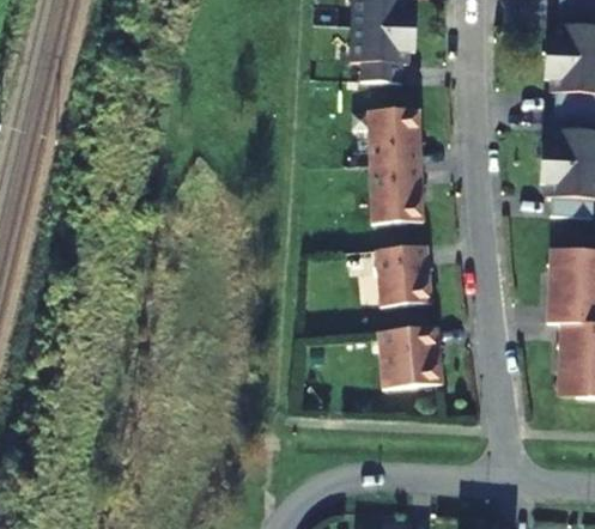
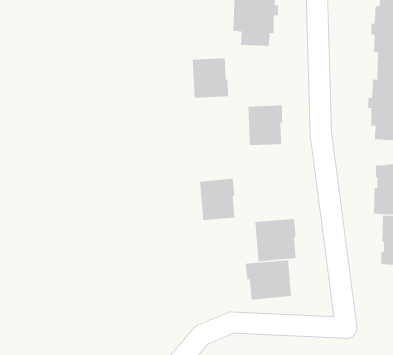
building: [369,111,421,170] -> [192,57,229,99]
building: [377,248,429,309] -> [199,178,235,221]
building: none -> [245,260,292,301]

